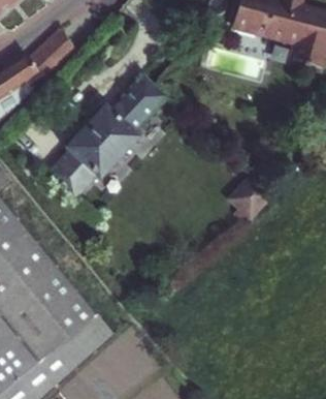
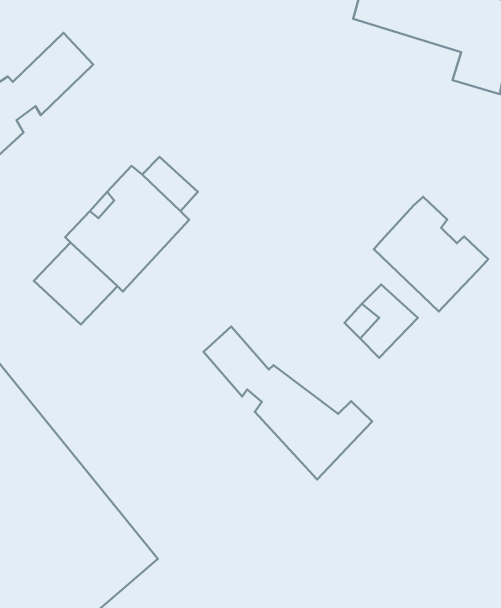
building: [116,76,162,123] -> none
building: none -> [374,197,488,312]
building: none -> [203,326,372,480]

